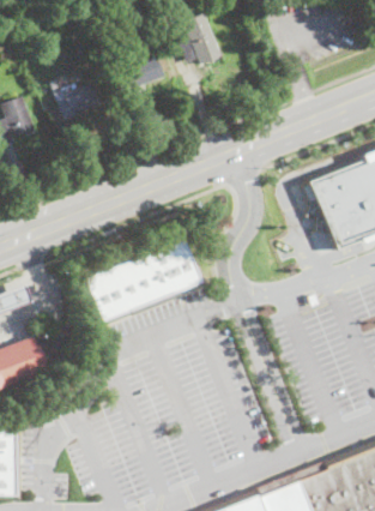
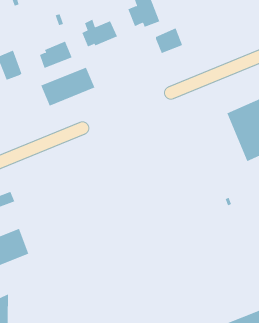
building: none -> [155,28,183,54]
building: none -> [40,67,95,106]
building: [89,239,205,326] -> none

